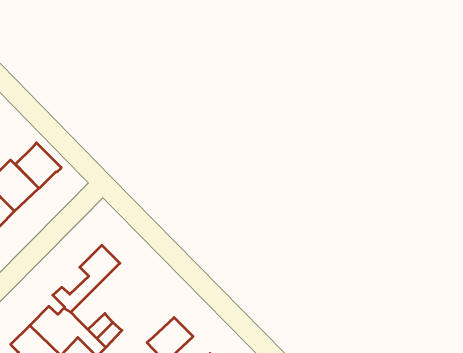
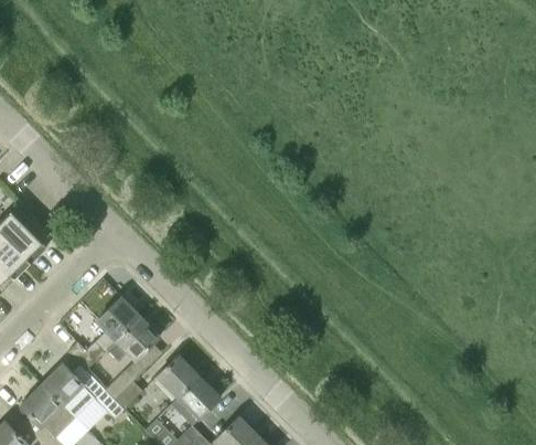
building: [16,143,61,188] -> none
building: none -> [107,317,159,362]
building: none -> [156,356,200,399]

